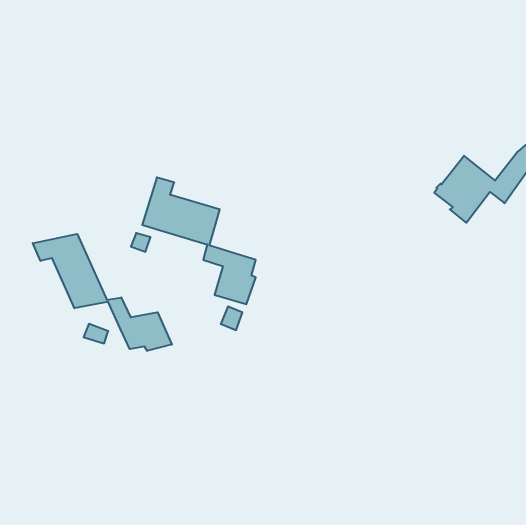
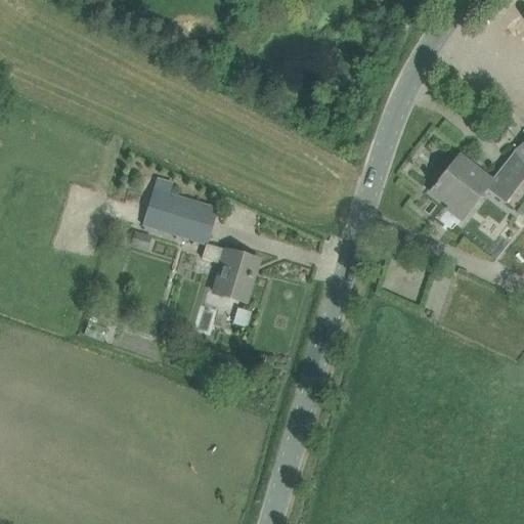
building: [33,234,172,351] -> none

